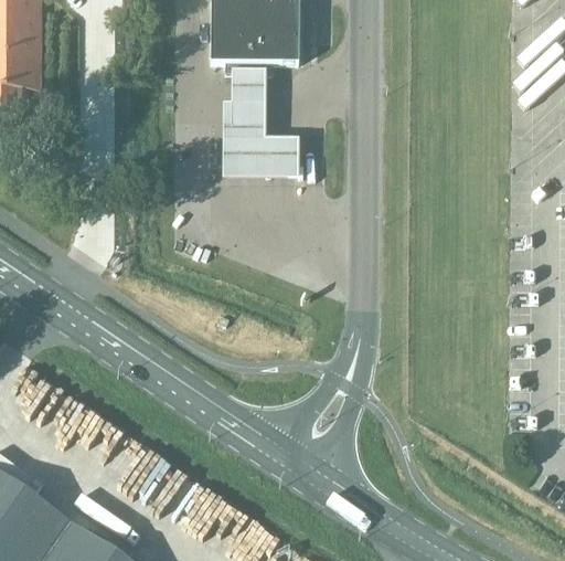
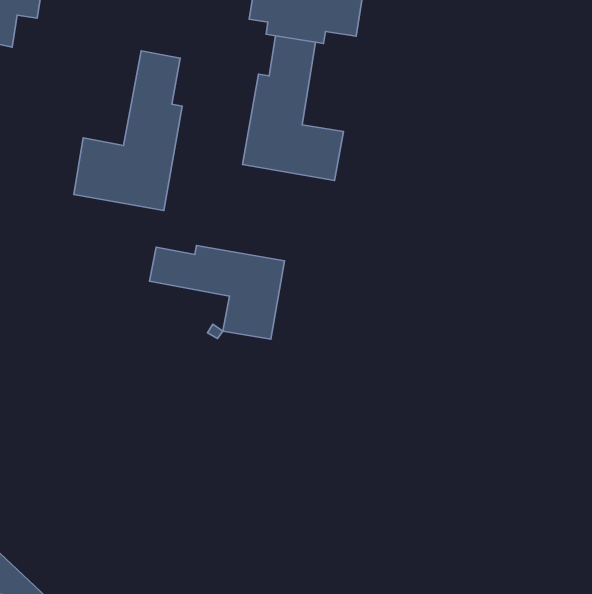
building: none -> [74,51,182,210]
building: none -> [150,245,284,339]

